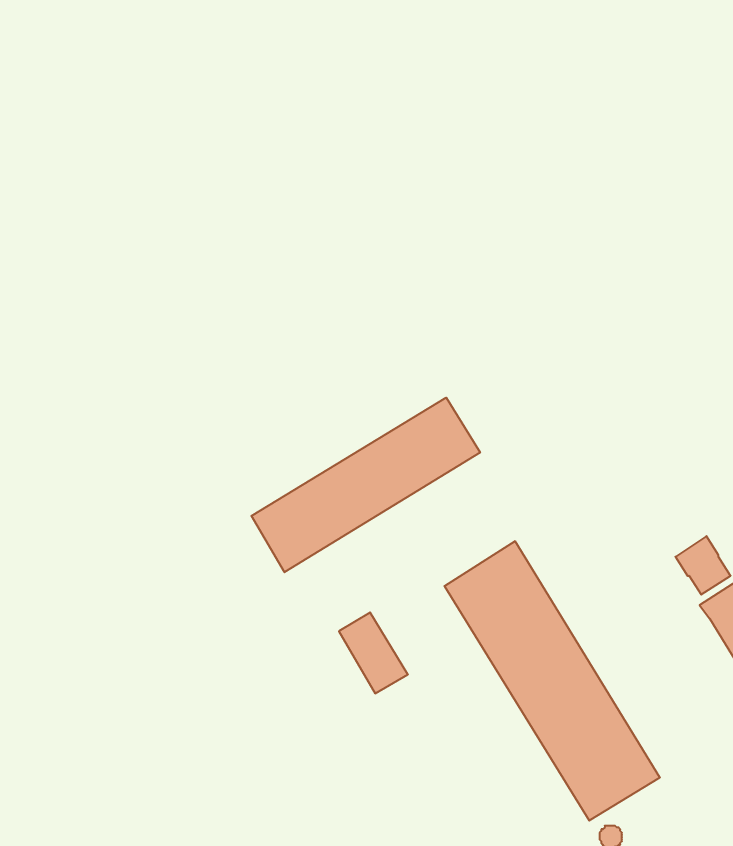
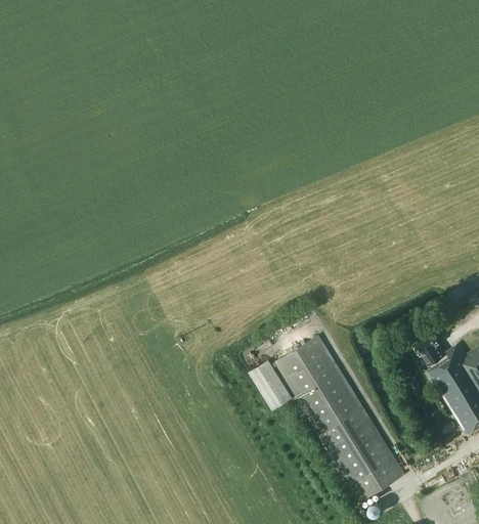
building: [251,398,480,572] -> none
building: [339,612,408,693] -> [251,360,292,408]

